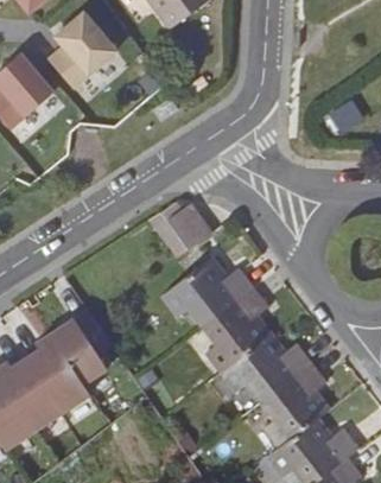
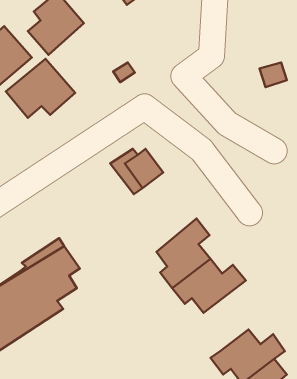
building: none -> [6,59,75,118]
building: [163,260,252,328] -> none
building: [260,362,328,447] -> none

